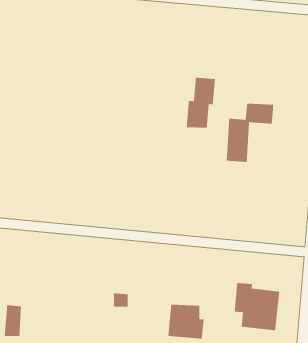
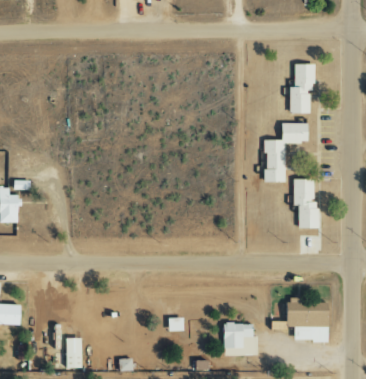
building: [186,77,216,129] -> [290,63,315,113]
building: none -> [294,178,319,227]

